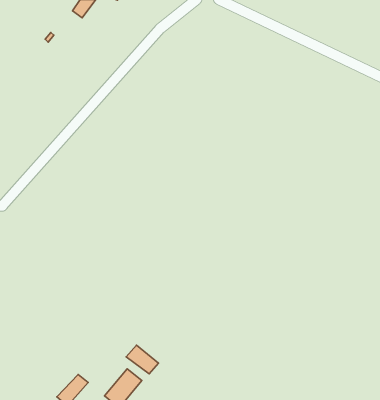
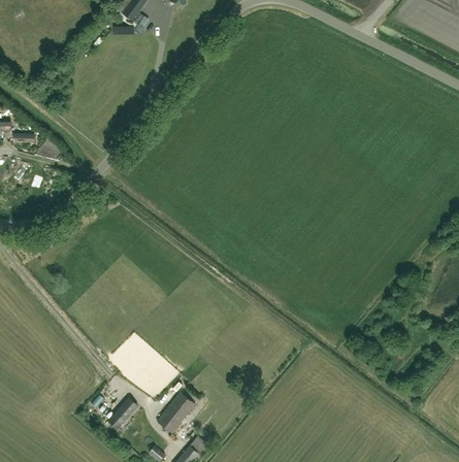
building: [126,345,159,374] -> none

